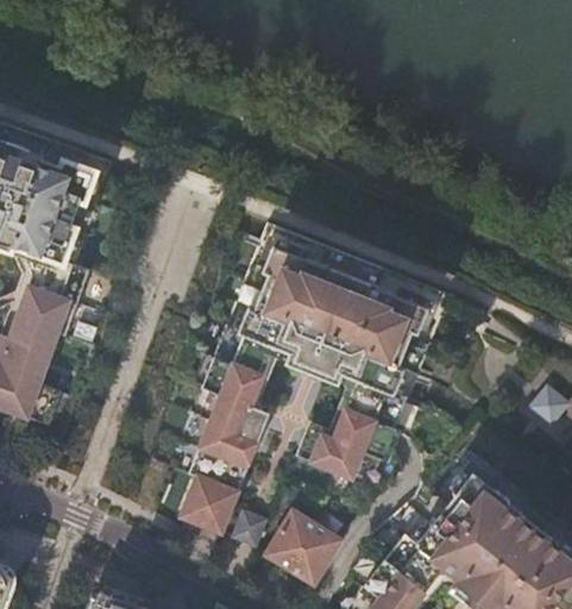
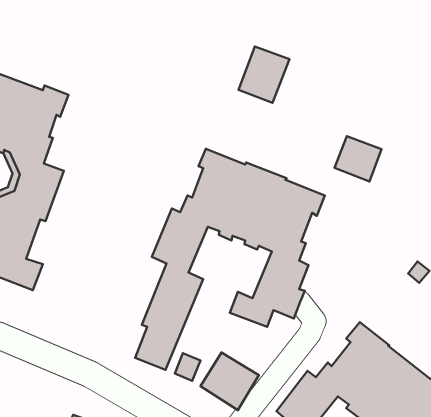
building: none -> [239,47,289,103]
building: none -> [334,136,381,182]

